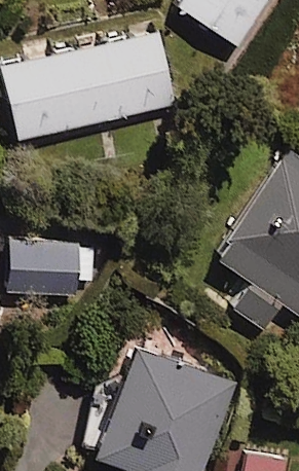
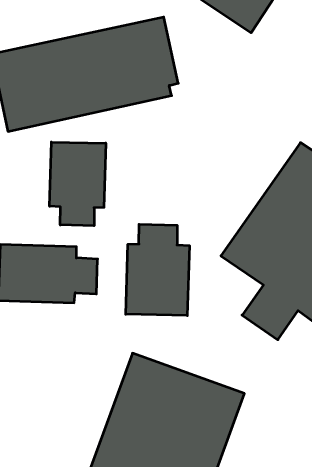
building: none -> [50,142,106,226]
building: none -> [126,224,189,316]

